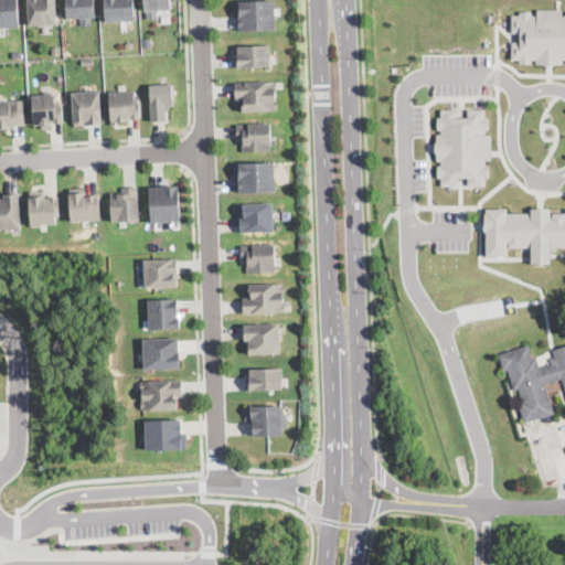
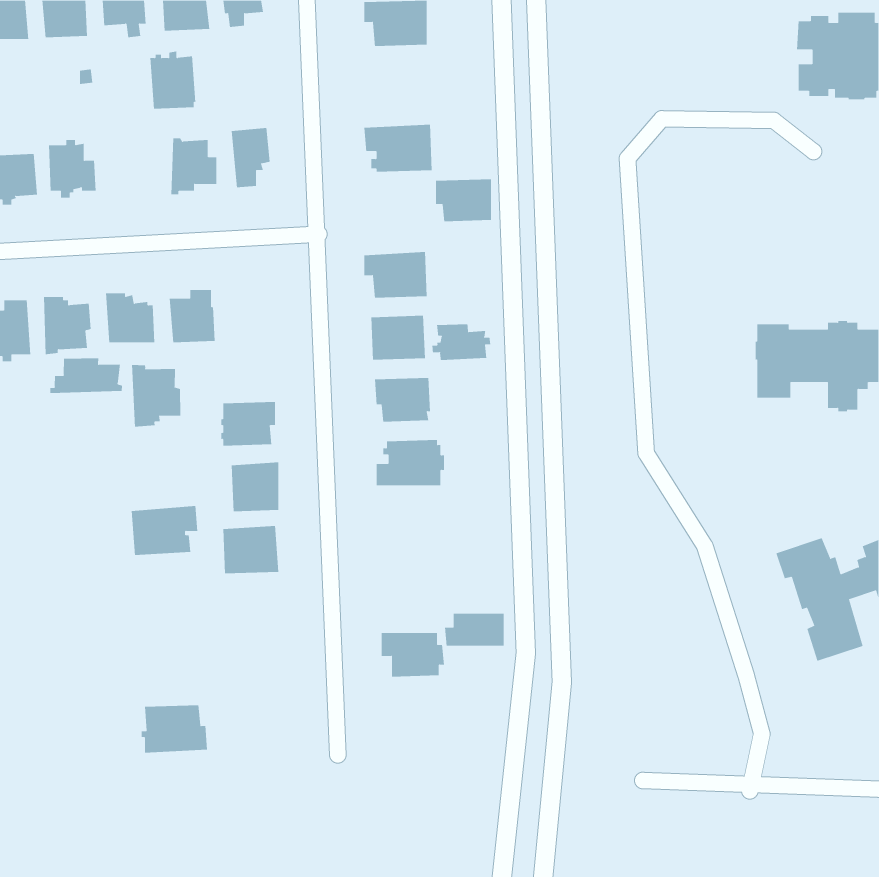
building: [231,46,269,67] -> none
building: [71,88,100,126] -> [150,51,196,109]
building: [434,110,490,186] -> none
building: [235,124,271,151] -> [435,179,492,222]
building: [147,188,179,223] -> none
building: none -> [432,324,491,361]
building: none -> [50,358,122,394]
building: none -> [132,364,181,427]
building: [243,324,279,354] -> none
building: [243,369,281,390] -> [444,613,505,646]
building: [139,380,182,412] -> [131,506,198,555]
building: [141,420,184,451] -> [141,705,208,753]

